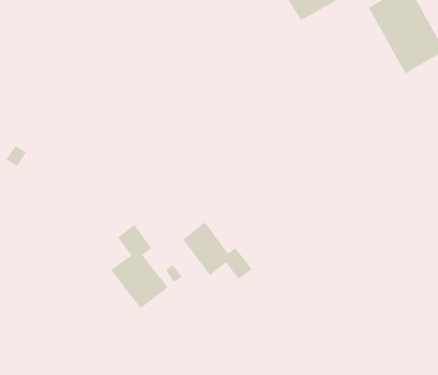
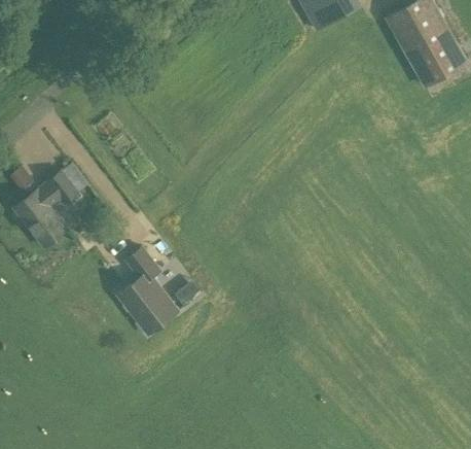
building: none -> [14,170,77,246]
building: [182,222,253,280] -> none

